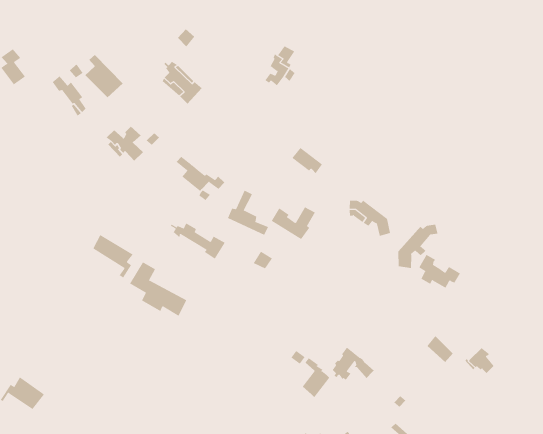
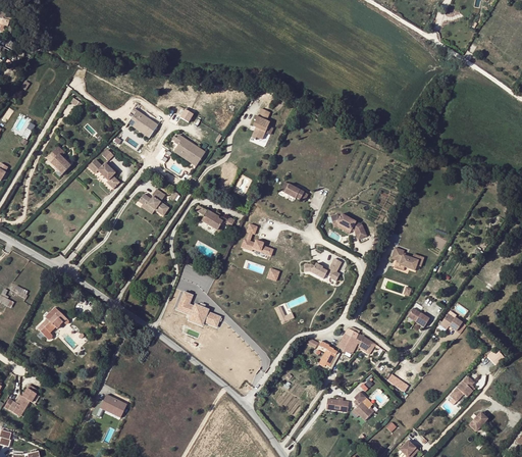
building: [84,54,124,98] -> [127,106,158,138]
building: [271,207,316,240] -> [309,257,342,283]
building: [170,222,226,259] -> none
building: [398,224,438,269] -> none
building: [93,234,134,279] -> none

